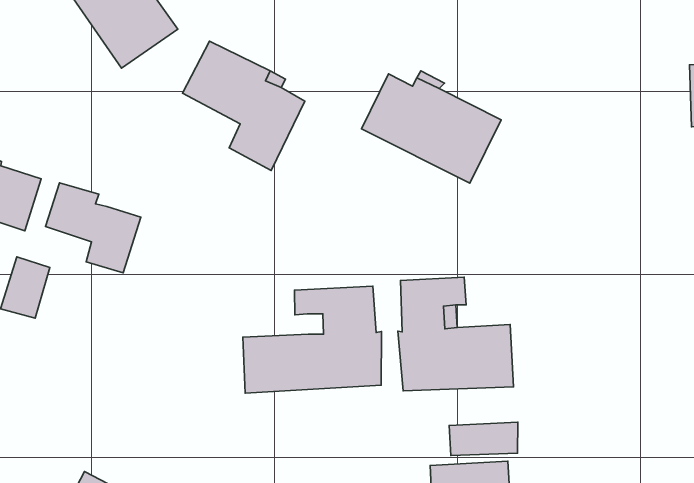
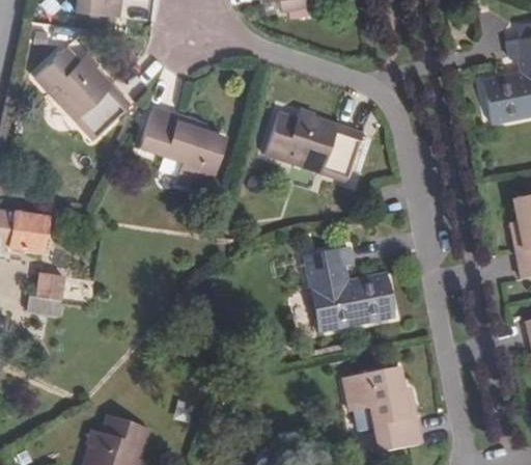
building: [46,183,141,273] -> none
building: [243,286,381,393] -> none
building: [449,422,518,455] -> none

